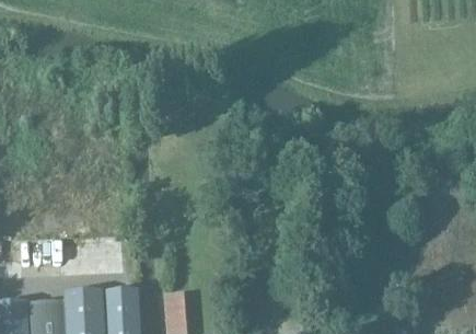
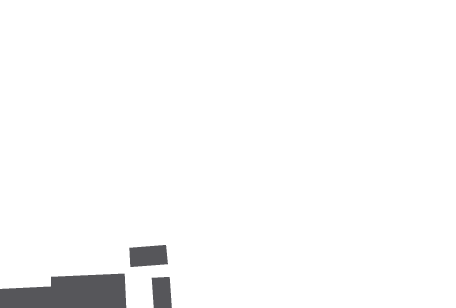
building: none -> [129,244,169,268]

